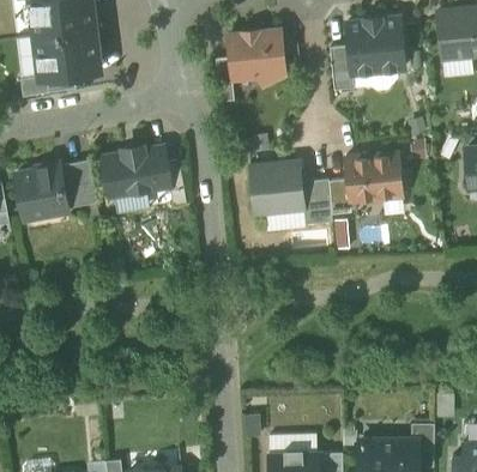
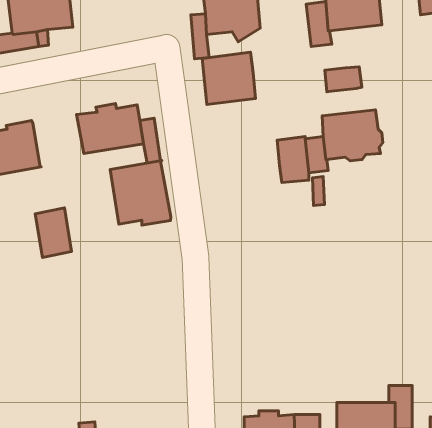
building: none -> [325,67,362,92]
building: [60,159,96,208] -> [35,208,72,257]
building: [250,162,303,213] -> [202,52,256,104]
building: none -> [110,161,171,225]

